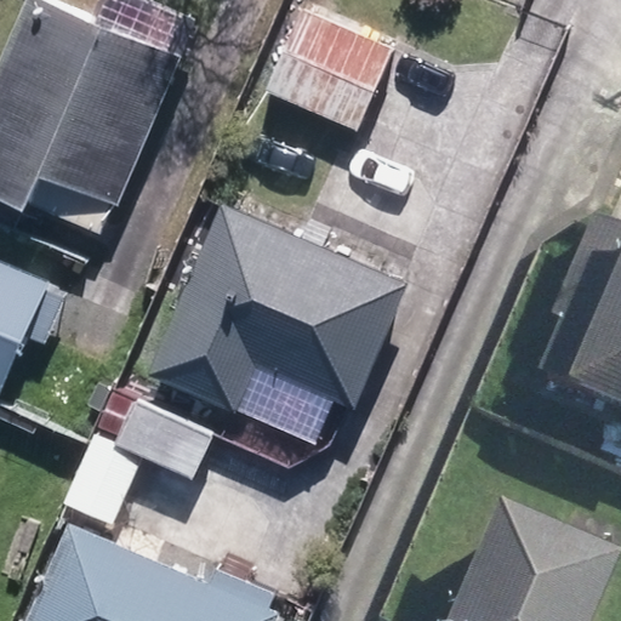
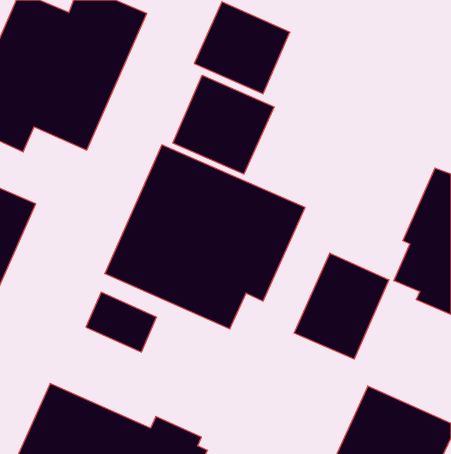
building: none -> [173,75,274,174]
building: none -> [294,253,389,359]

